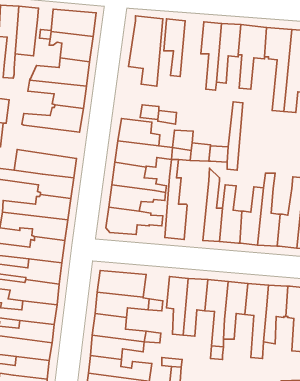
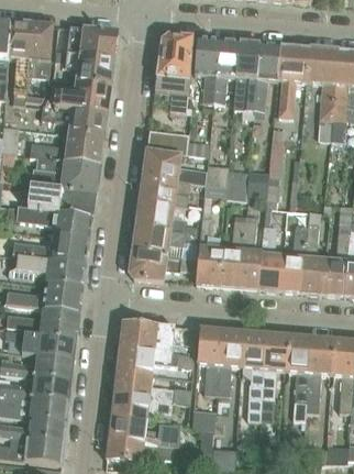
building: none -> [213,38,240,102]
building: none -> [30,156,100,194]
building: none -> [218,218,245,286]

